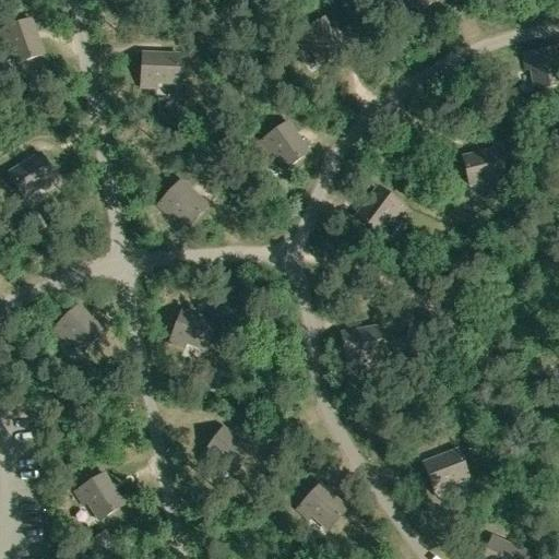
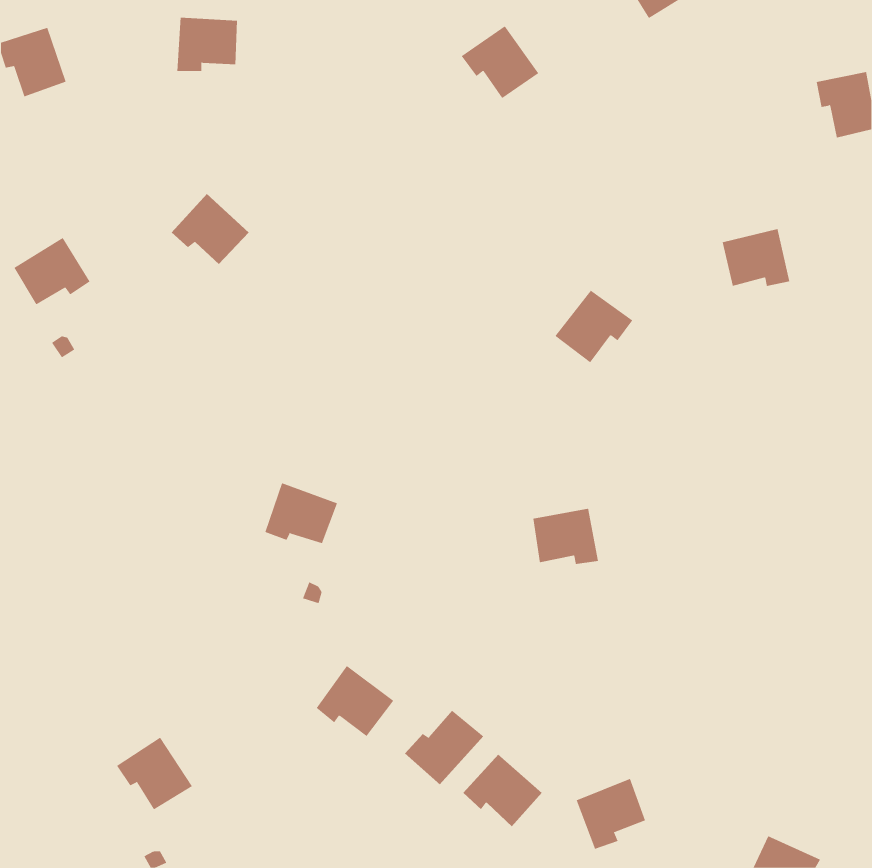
building: [140,51,179,86] -> [177,17,238,72]
building: [259,120,309,168] -> none
building: [157,179,207,225] -> [171,193,249,265]
building: [52,304,103,350] -> none
building: [423,448,467,493] -> [576,778,646,850]
building: none -> [404,710,484,785]

